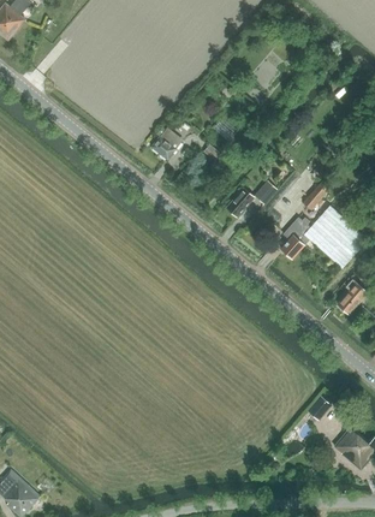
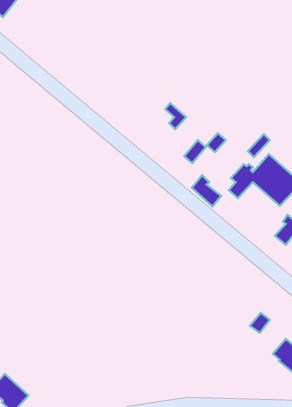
building: [151,127,181,160] -> none
building: none -> [192,175,221,206]

